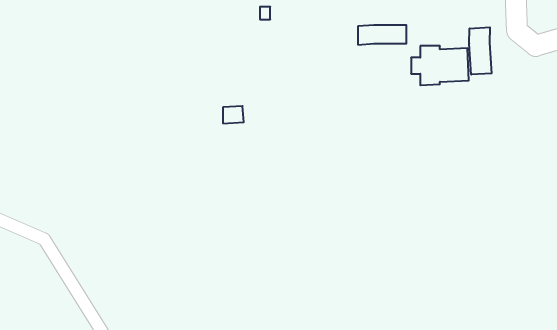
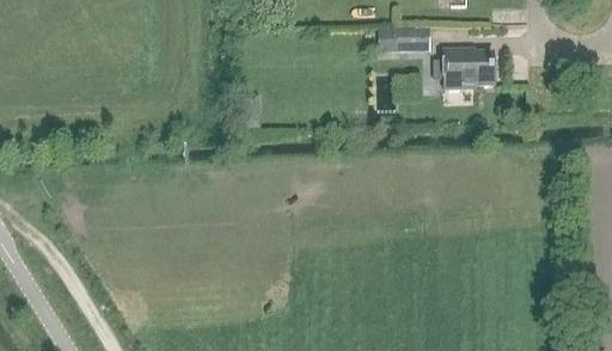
building: [469,27,492,75] -> none

